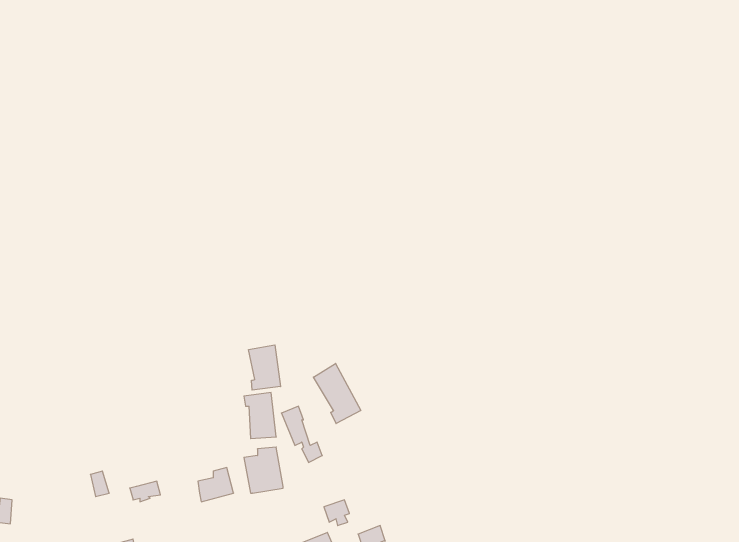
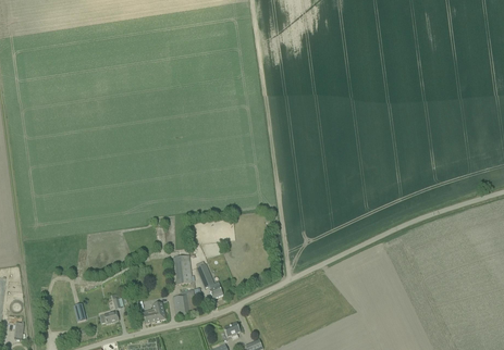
building: [249,345,281,390] -> none
building: [313,363,361,424] -> none

